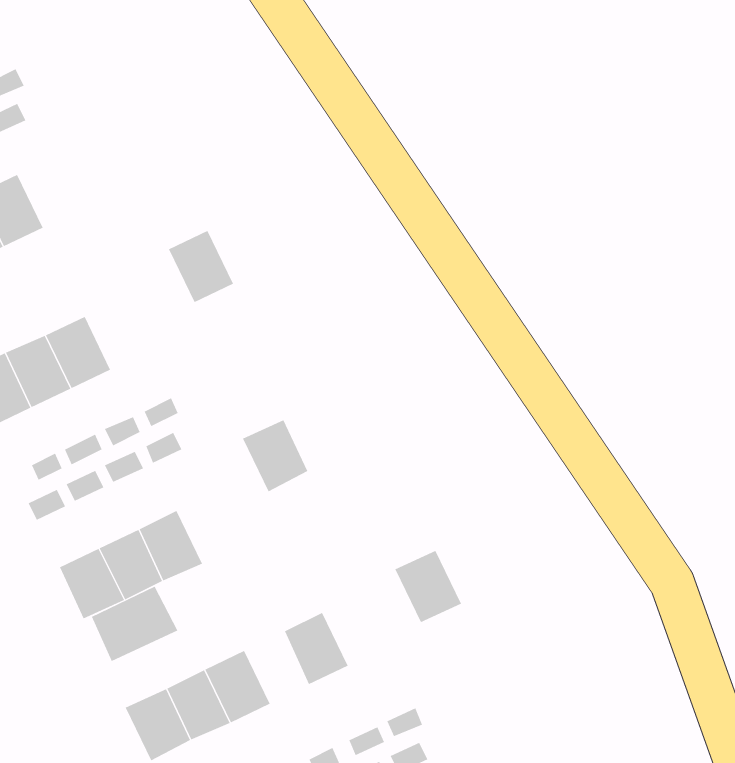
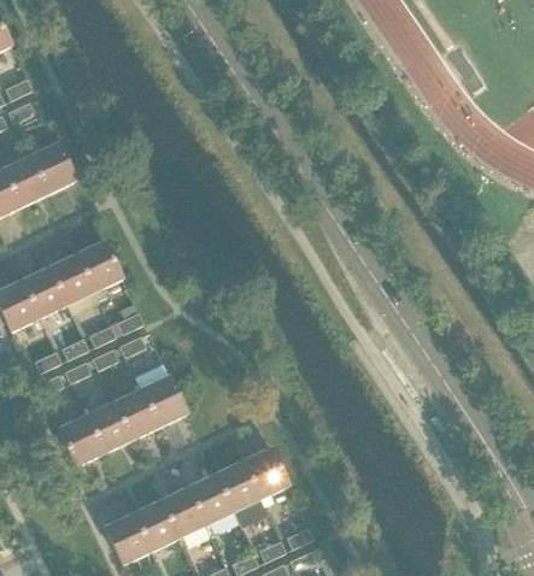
building: none -> [29,142,75,193]
building: [168,230,234,303] -> [76,241,122,292]
building: [242,419,308,492] -> [140,376,186,427]
building: [394,550,462,623] -> [241,447,288,498]
building: [91,586,178,662] -> none
building: none -> [187,474,231,524]

